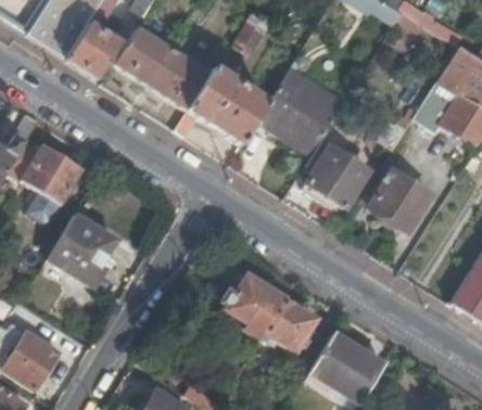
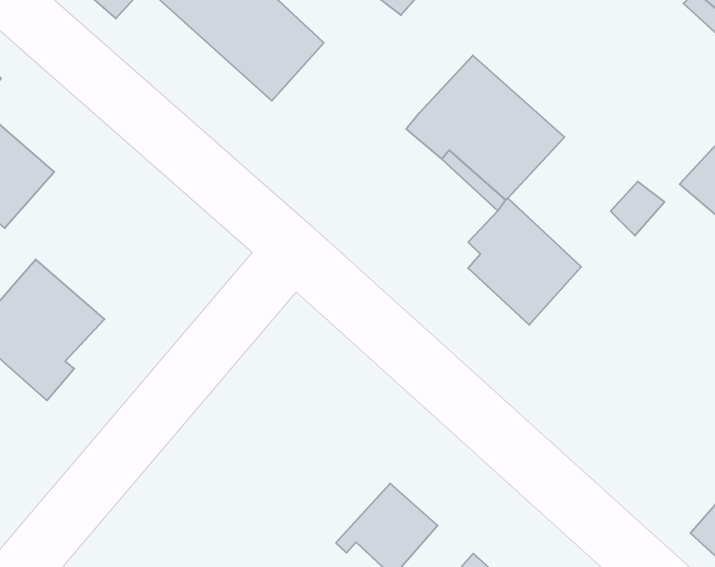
building: [176,66,268,143] -> none
building: [370,167,432,229] -> none
building: [224,277,286,341] -> none

